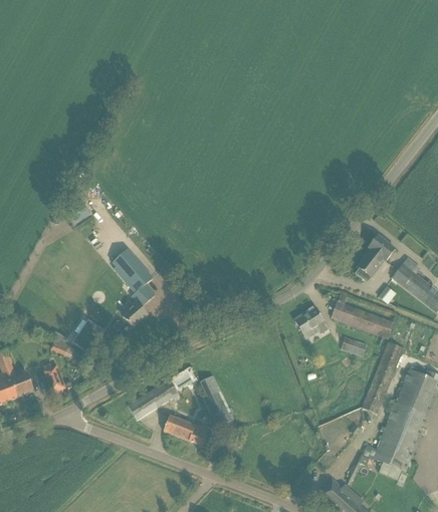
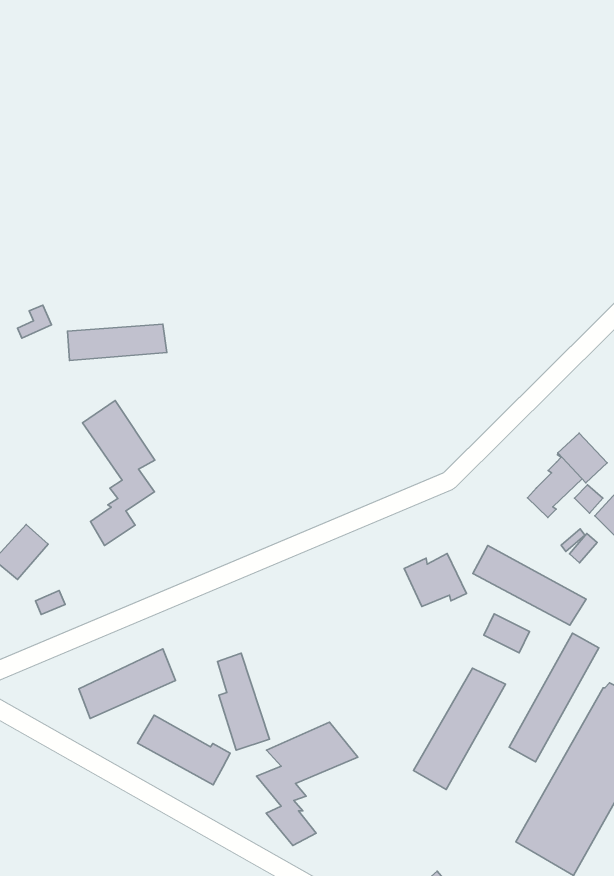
building: none -> [67,324,167,361]
building: none -> [414,668,505,790]
building: none -> [256,722,358,846]

